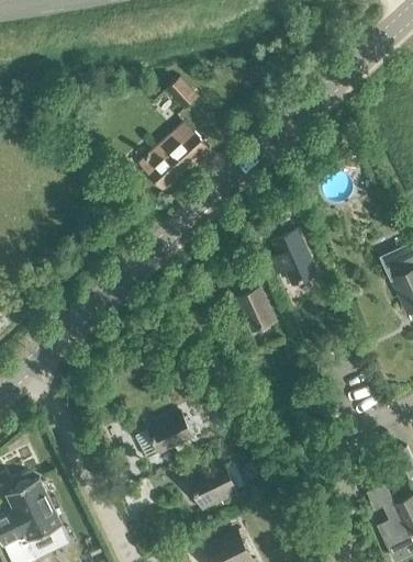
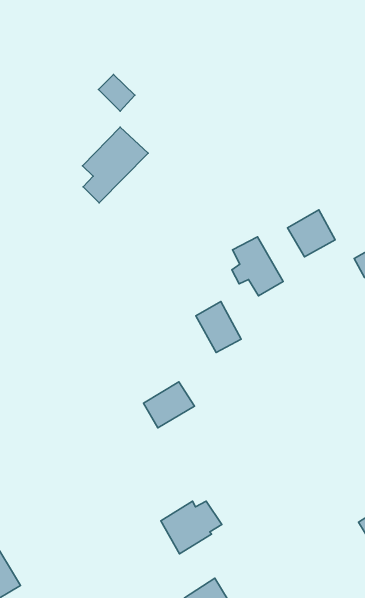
building: none -> [288,210,335,257]
building: [147,414,192,453] -> [144,382,194,428]

